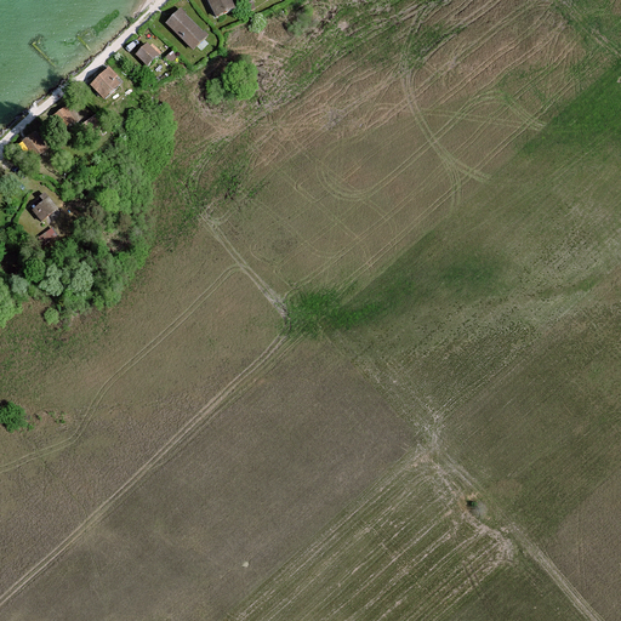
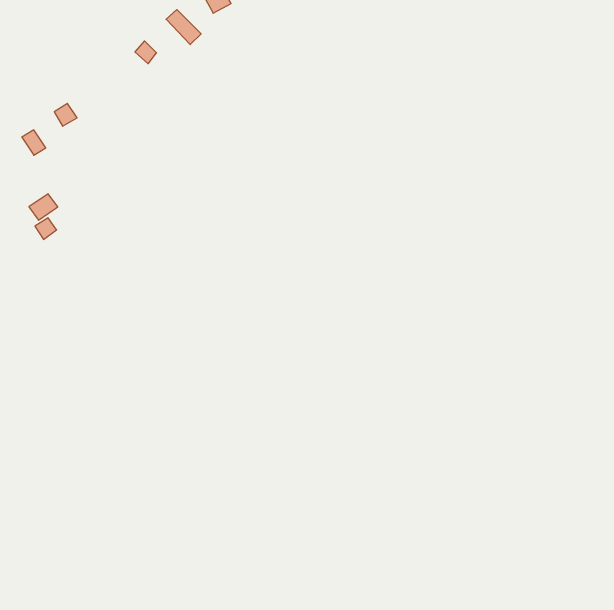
building: [90,65,120,99] -> none

